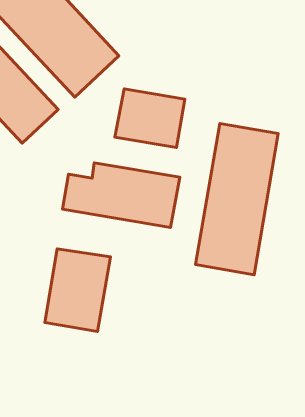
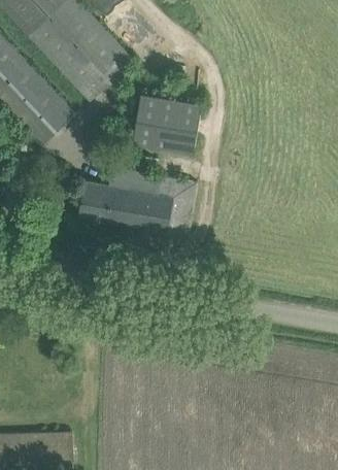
building: [196,123,278,275] -> none
building: [45,249,111,332] -> none

